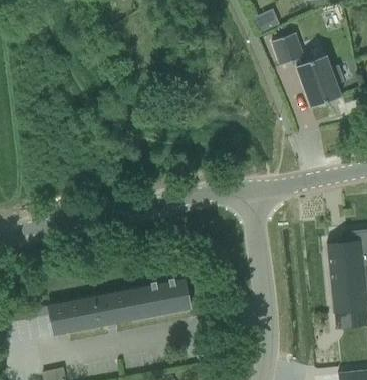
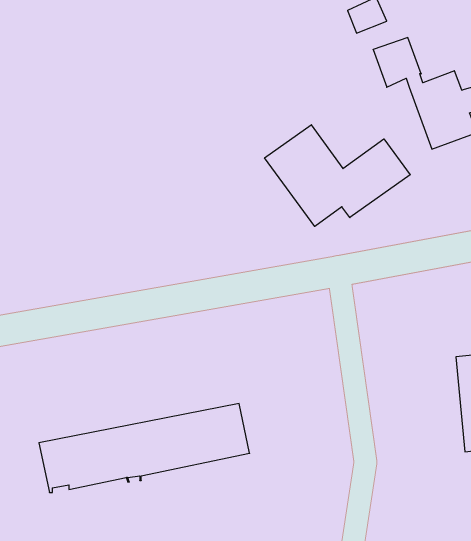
building: none -> [265,125,410,226]

